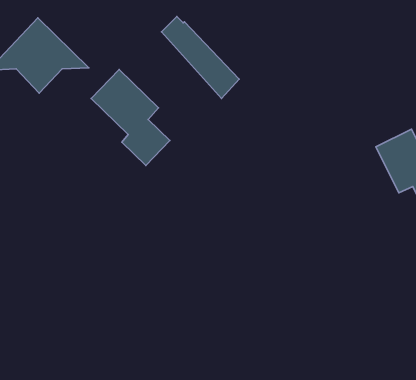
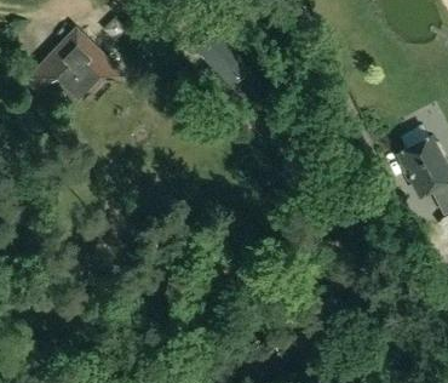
building: [91,69,170,165] -> none

